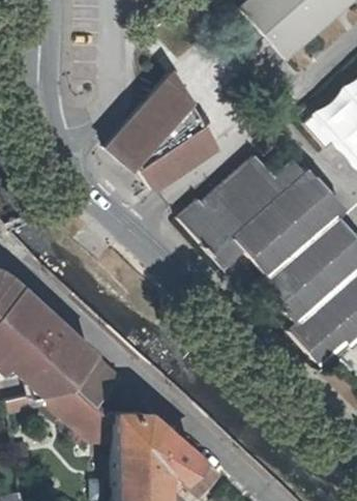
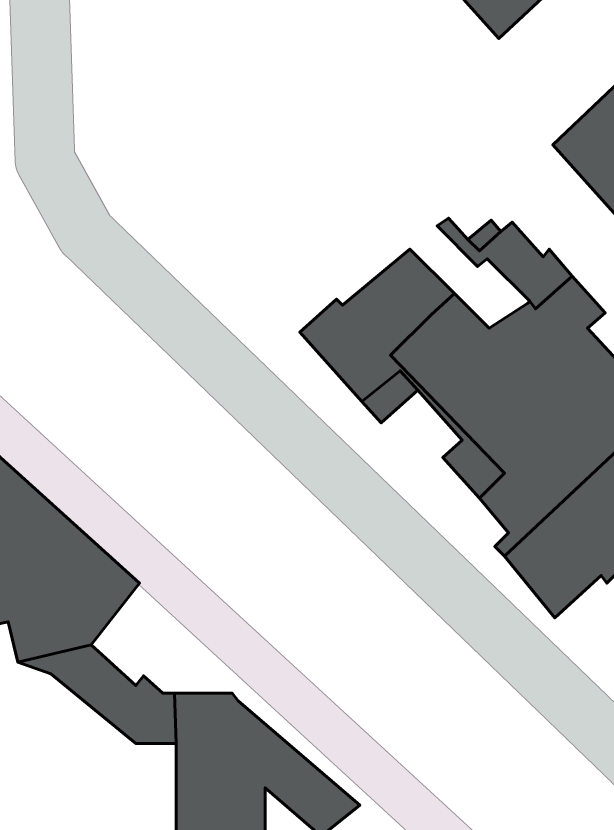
building: [108,70,215,189] -> none
building: [239,161,303,216] -> none
building: [68,353,118,408] -> none

